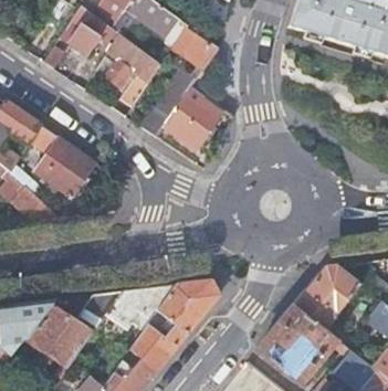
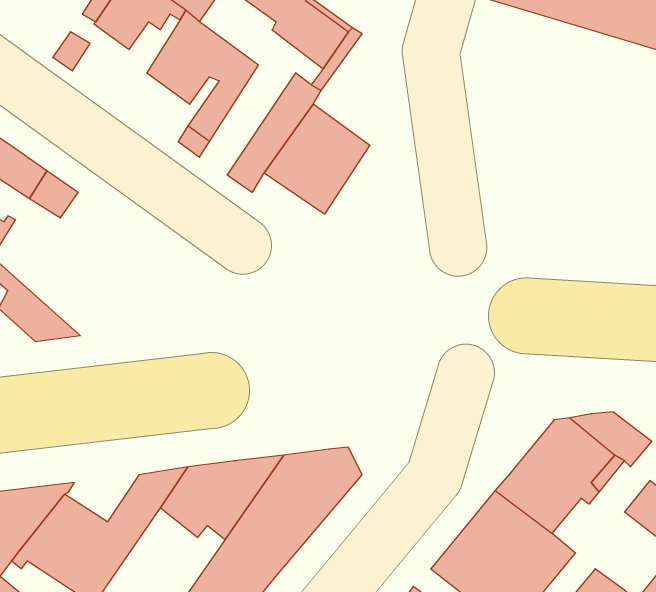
building: [39,140,93,197] -> none

